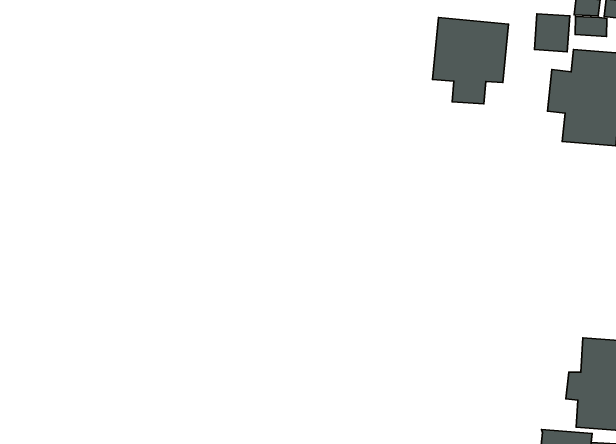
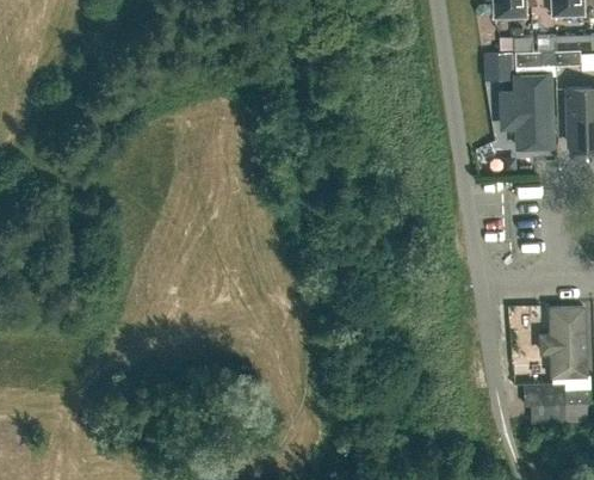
building: [432,18,509,104] -> none

